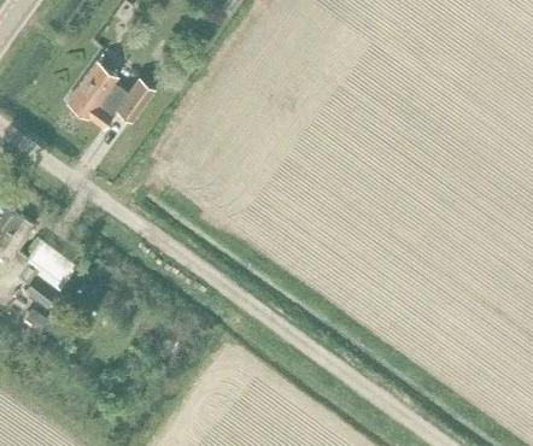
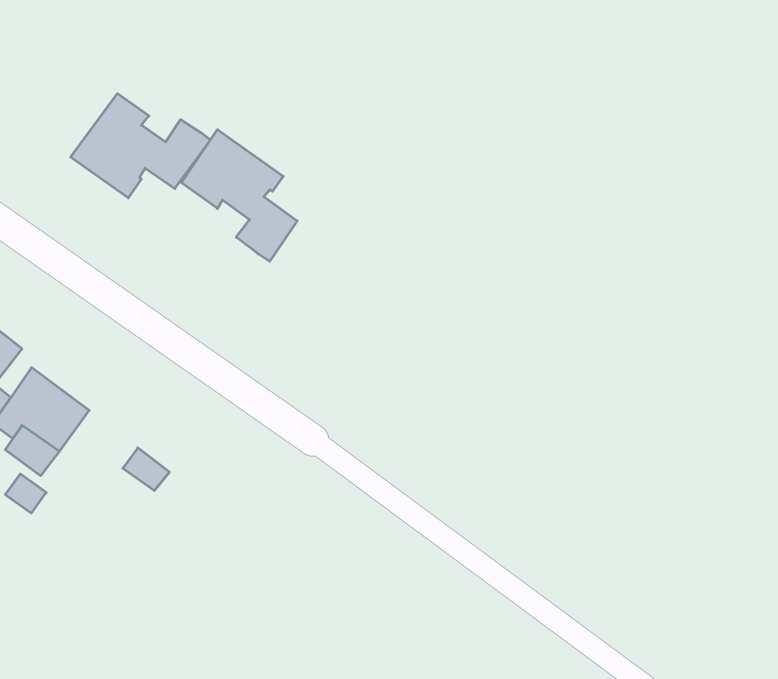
building: none -> [182,130,297,261]

